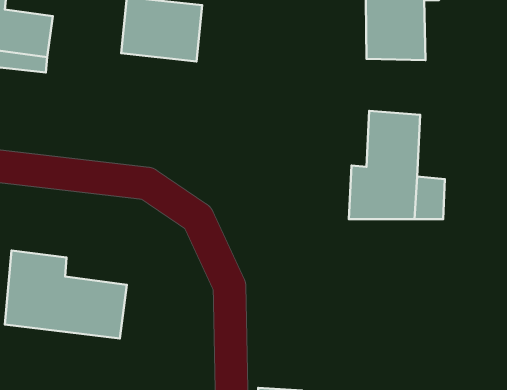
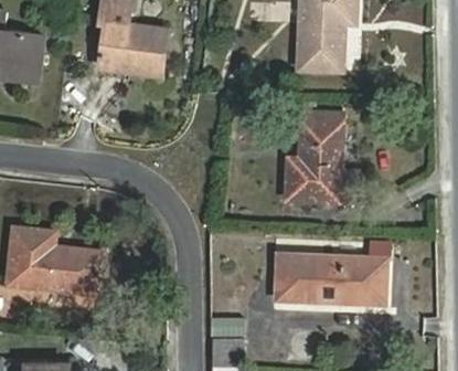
building: none -> [276,252,390,303]

